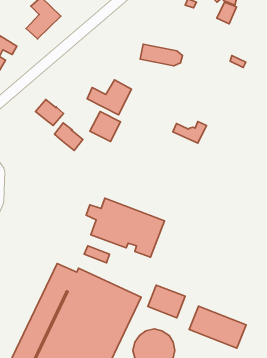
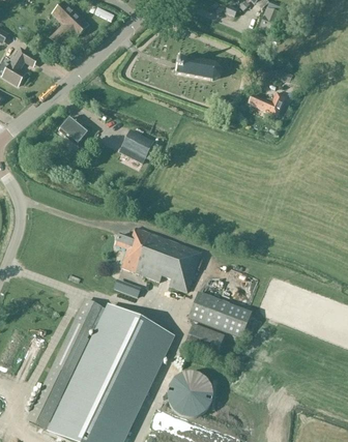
building: [87,80,131,115] -> none
building: [173,122,206,143] -> [249,91,286,115]
building: [54,123,83,151] -> none
building: [189,306,246,348] -> [188,291,252,337]

